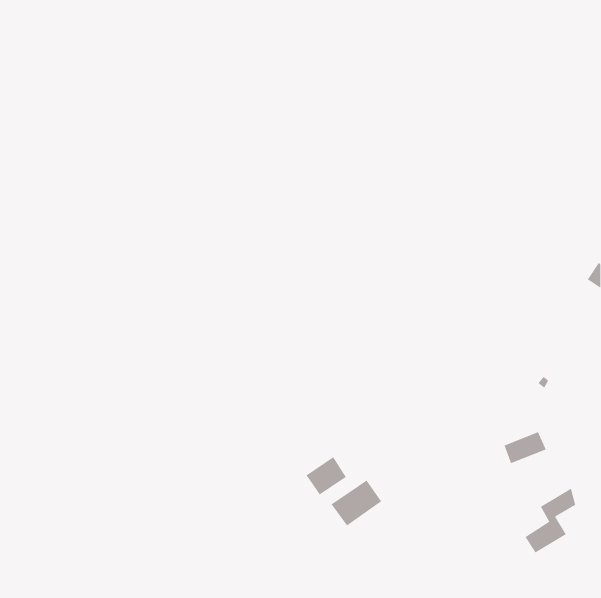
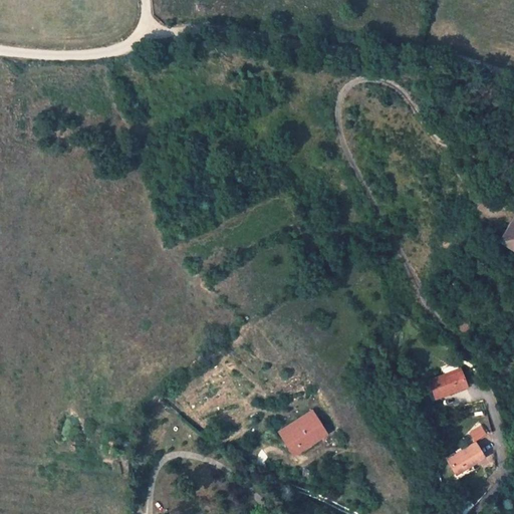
building: [306,456,347,495] -> none

